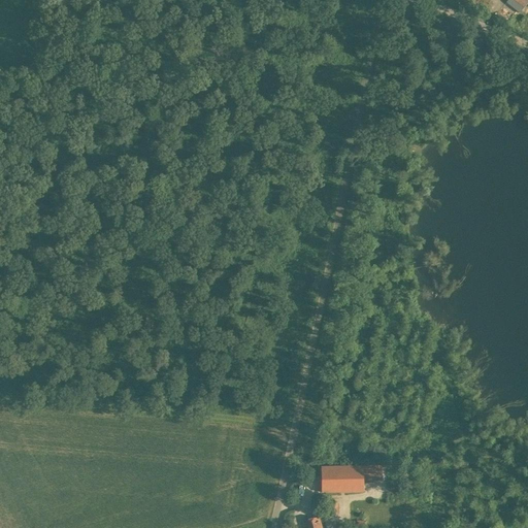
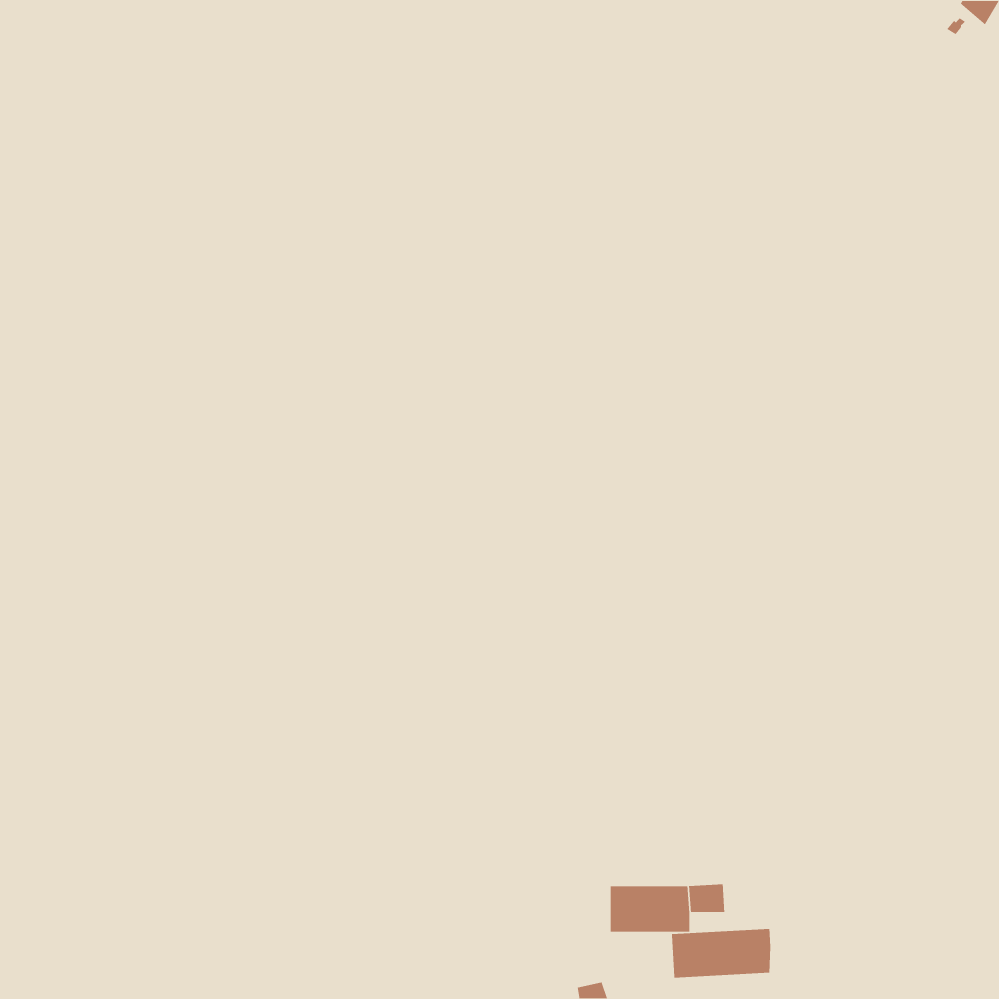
building: none -> [671,928,771,978]

